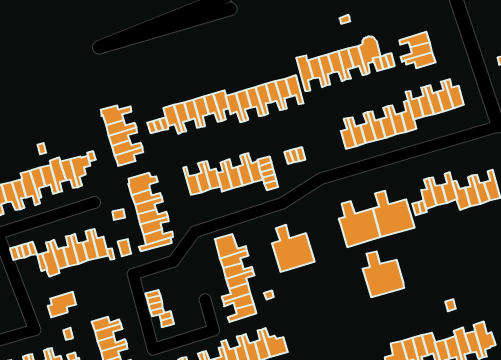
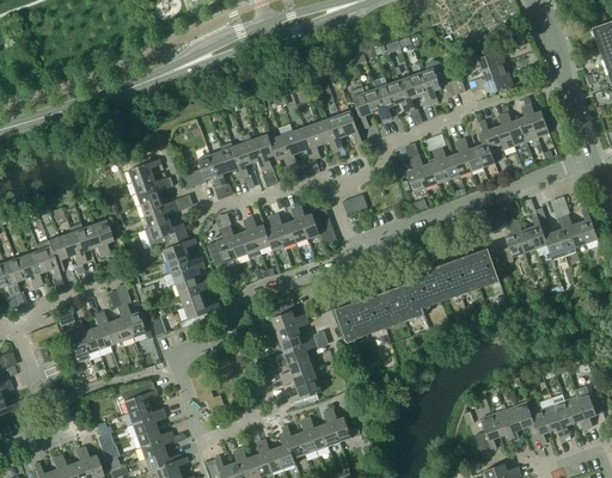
building: none -> [146,221,186,246]
building: none -> [206,226,237,265]
building: [362,251,404,297] -> [374,272,424,326]
building: [48,292,76,317] -> [124,381,158,412]

